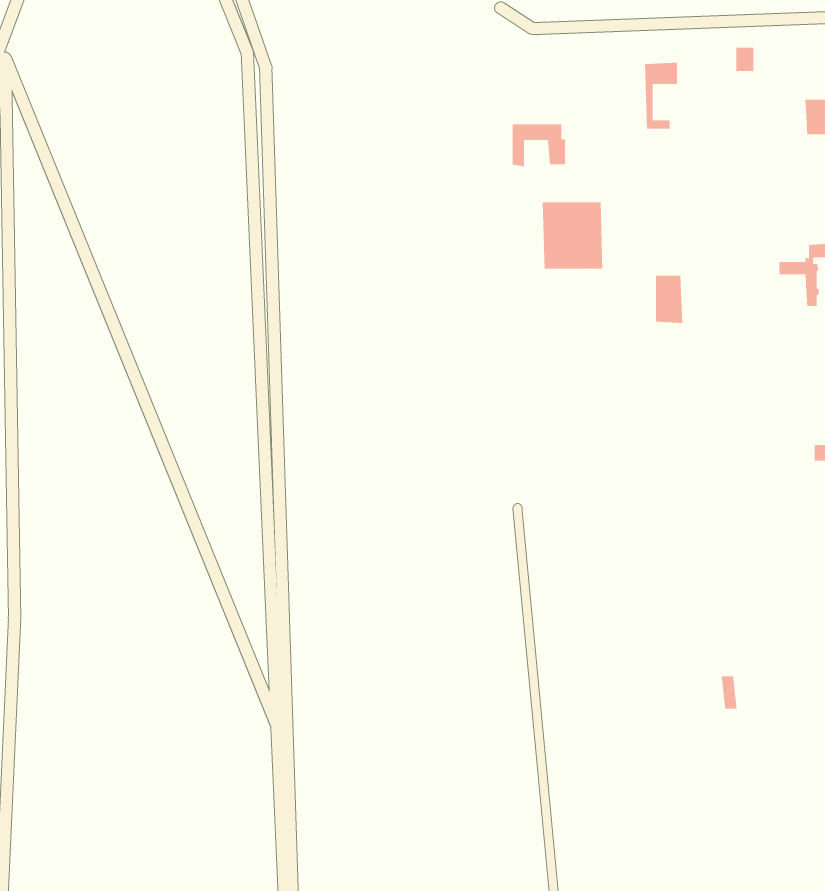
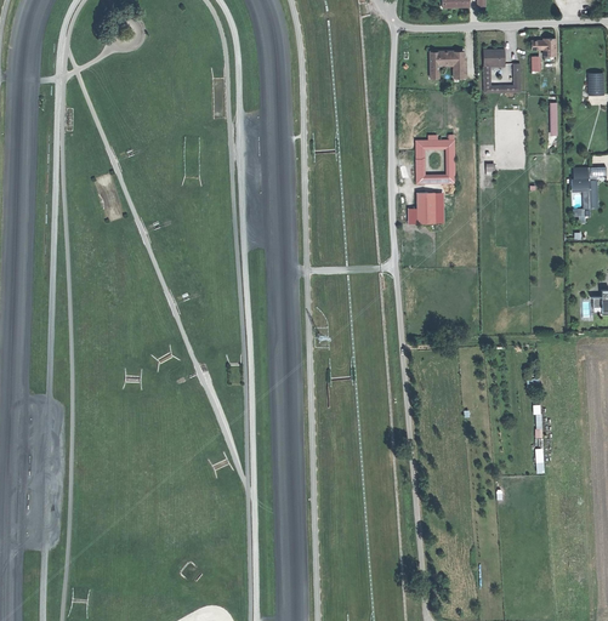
building: [512,124,566,167] -> [430,52,465,80]
building: [655,275,683,324] -> [417,193,436,224]

